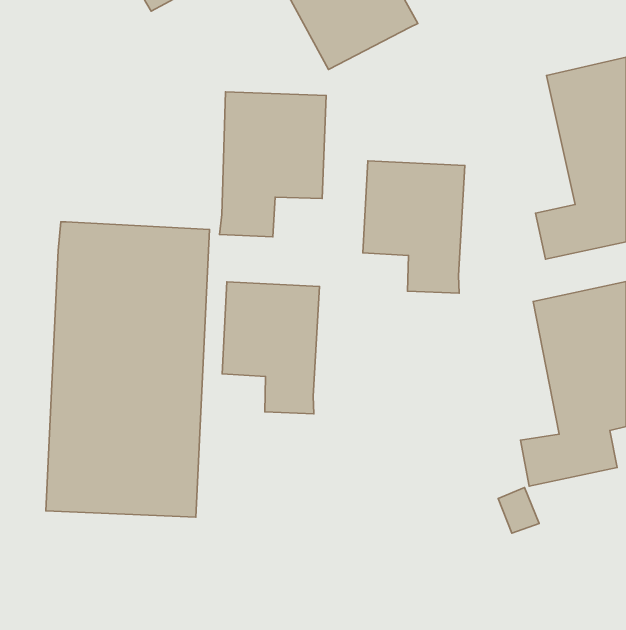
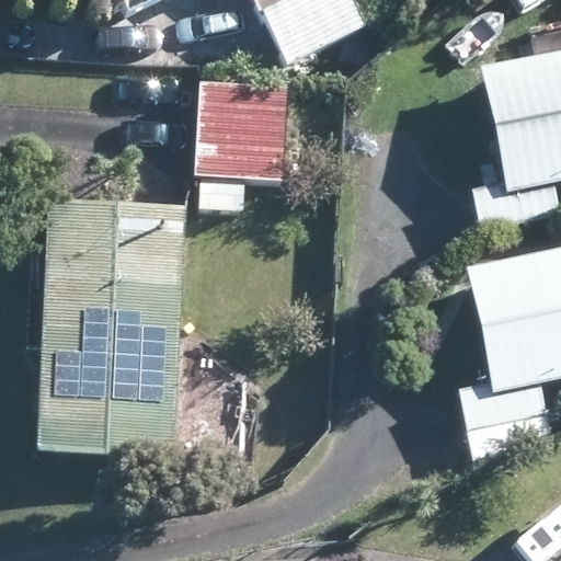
building: [363,161,465,293] -> none
building: [222,282,319,414] -> none

